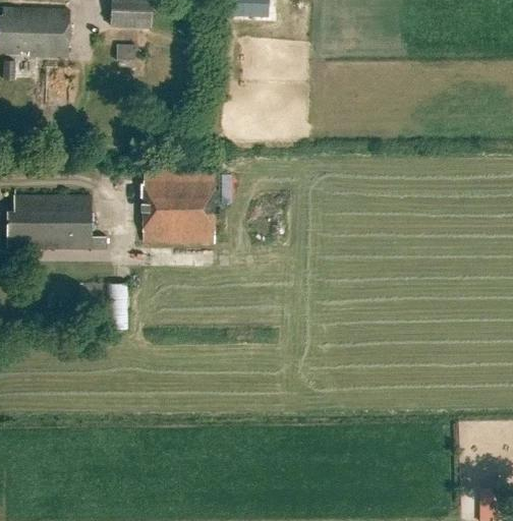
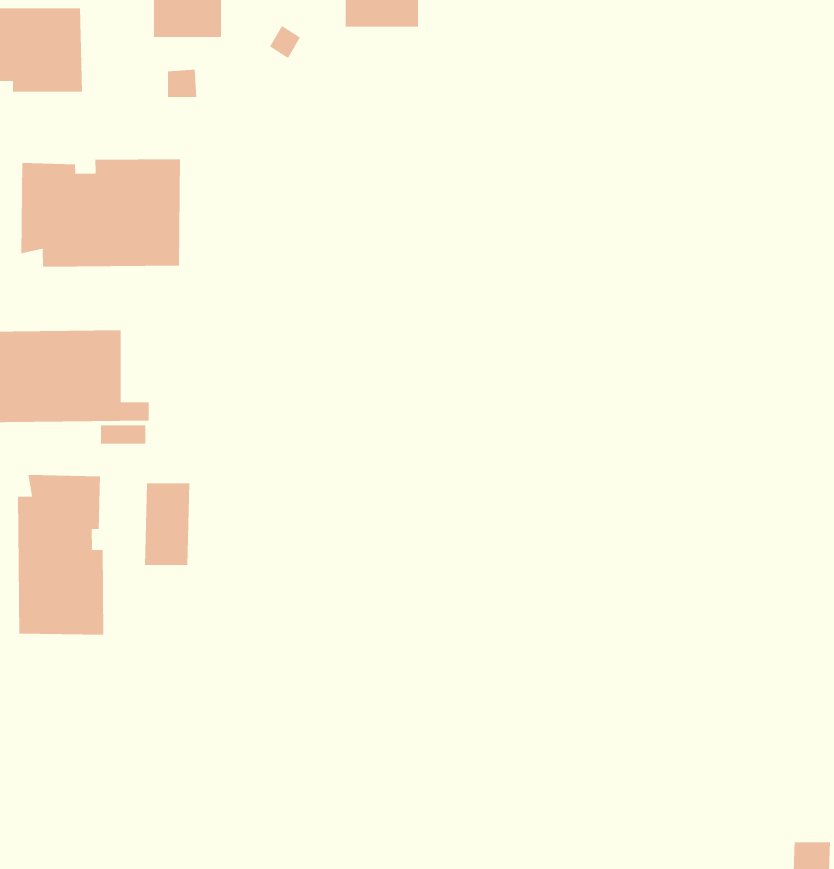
building: none -> [21,158,181,268]
building: [142,168,216,243] -> none
building: none -> [17,474,104,635]

